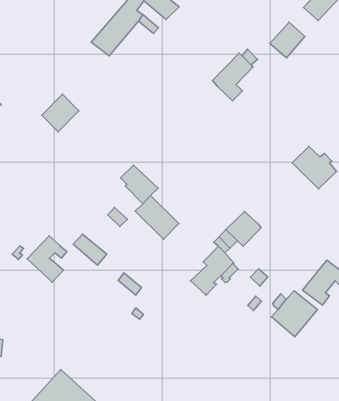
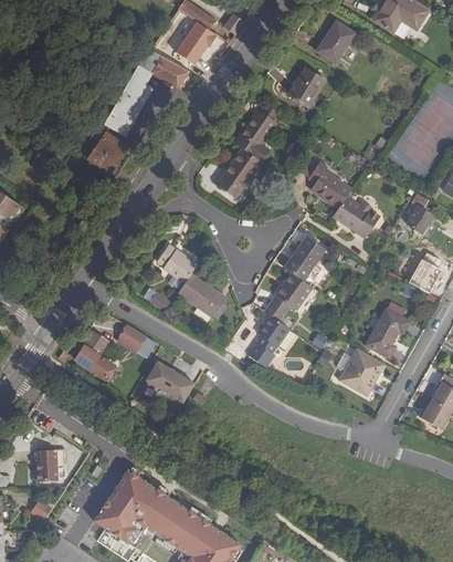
building: none -> [218,148,261,197]
building: [42,94,79,132] -> [88,133,126,173]
building: none -> [308,163,350,208]
building: none -> [284,237,324,284]
building: none -> [146,361,196,403]

